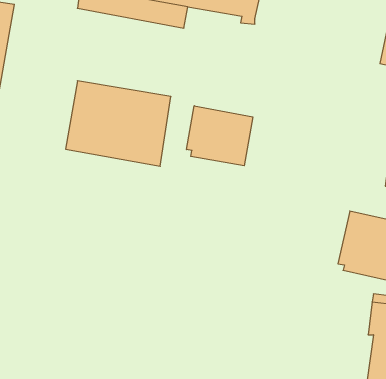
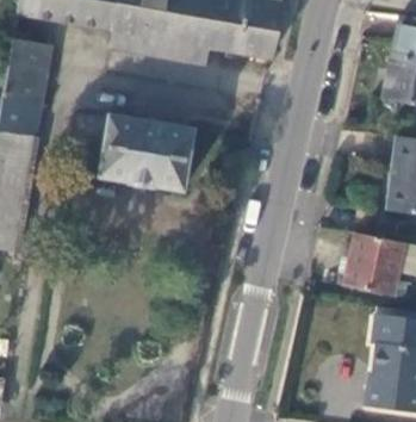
building: [187,106,253,166] -> none

